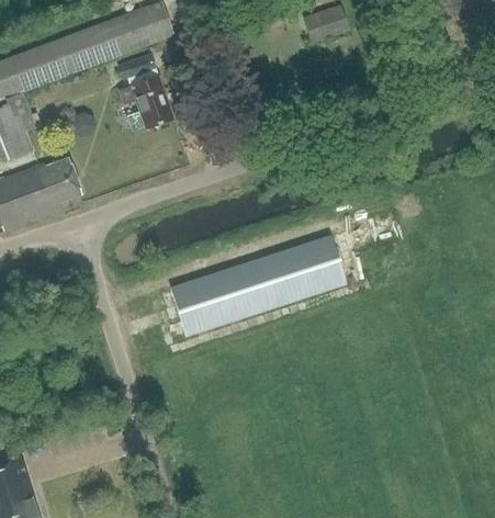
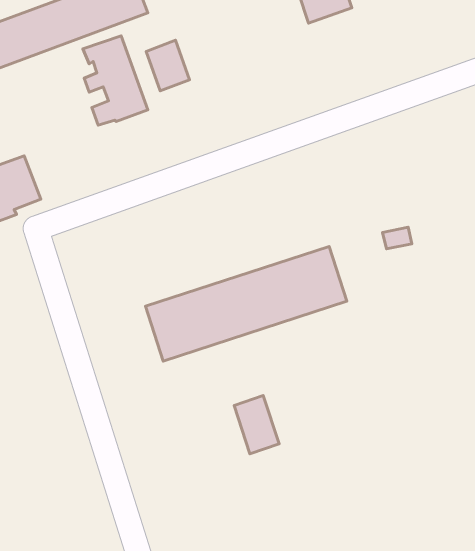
building: none -> [146,40,190,91]
building: none -> [234,395,279,454]

